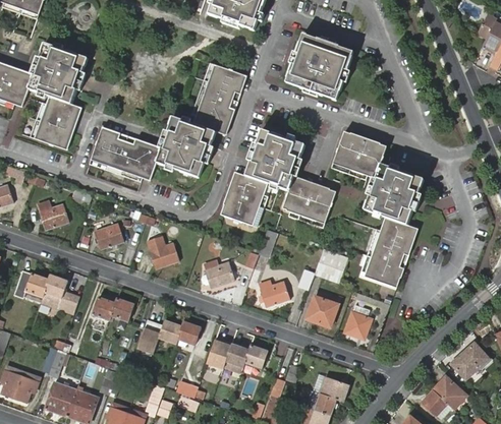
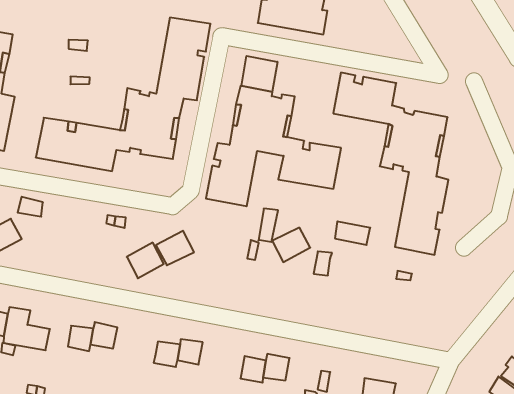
building: none -> [242,56,277,92]
building: [94,224,122,249] -> none
building: [204,262,233,288] -> [156,231,194,265]
building: [259,282,288,307] -> [272,228,310,262]
building: [305,297,336,326] -> none
building: [343,305,370,337] -> none
building: [136,326,160,354] -> none
building: [206,339,231,369] -> none

